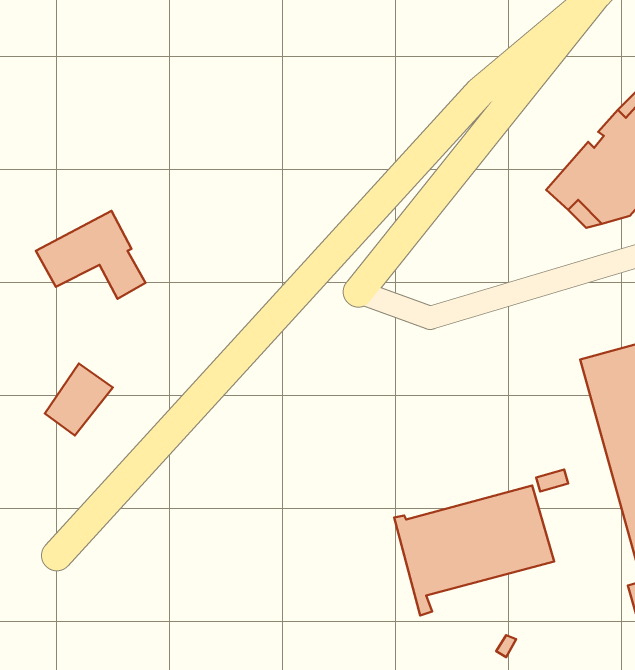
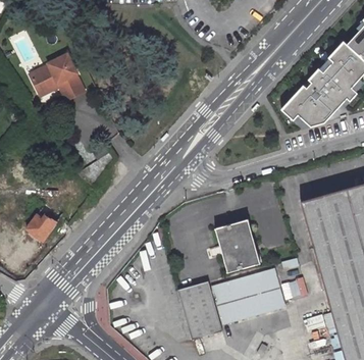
building: [36,211,146,299] -> [21,53,77,98]
building: none -> [215,218,261,270]
building: none -> [179,280,218,338]

